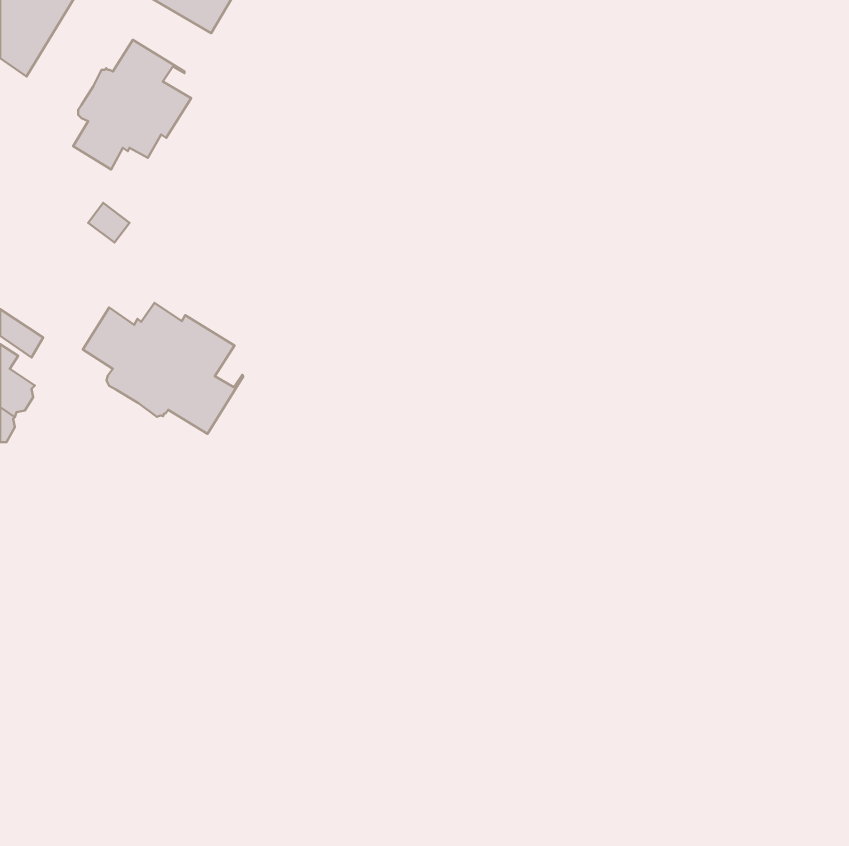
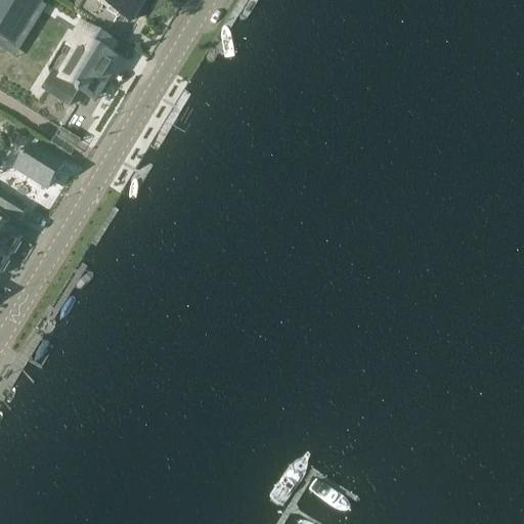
building: none -> [13,143,60,188]
building: [83,303,243,434] -> none

